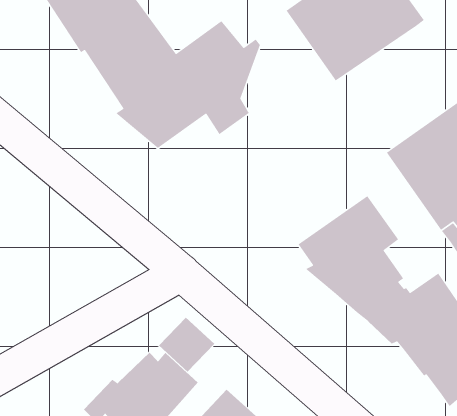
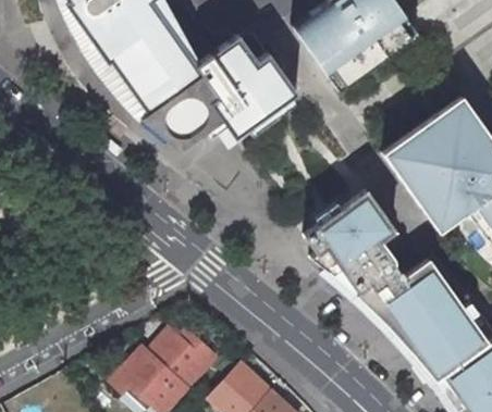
building: none -> [253,55,295,116]
building: [158,317,215,373] -> none

